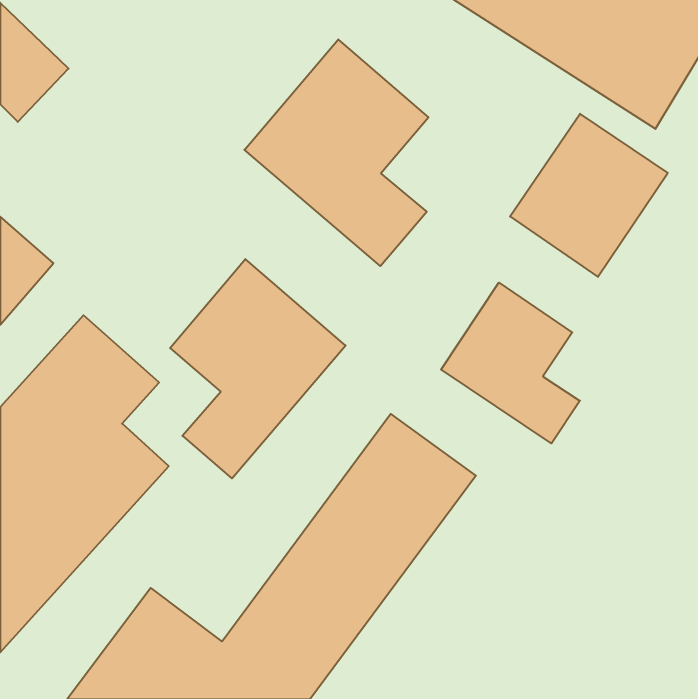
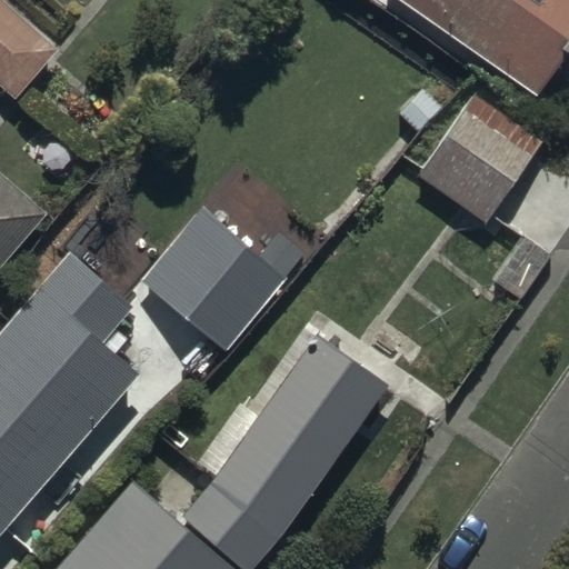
building: [244,39,428,266] -> none
building: [441,283,580,443] -> none

